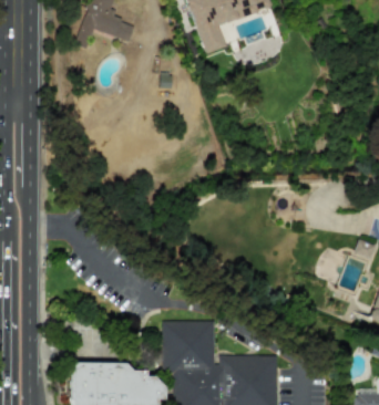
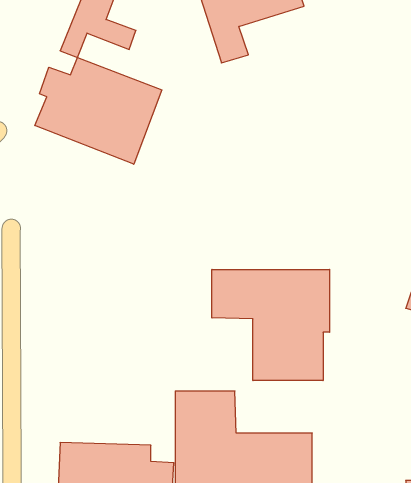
building: none -> [35,58,162,164]
building: none -> [212,269,330,381]

